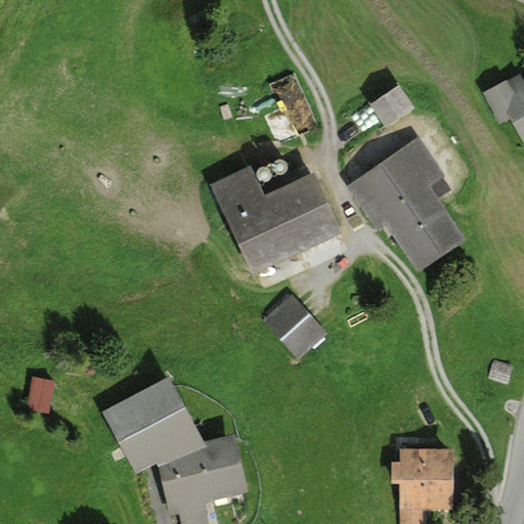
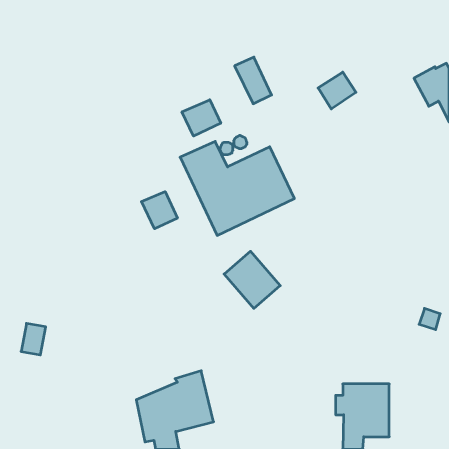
building: none -> [182,100,221,136]
building: [347,136,466,271] -> none
building: none -> [141,192,177,229]
building: [104,376,207,473] -> none

